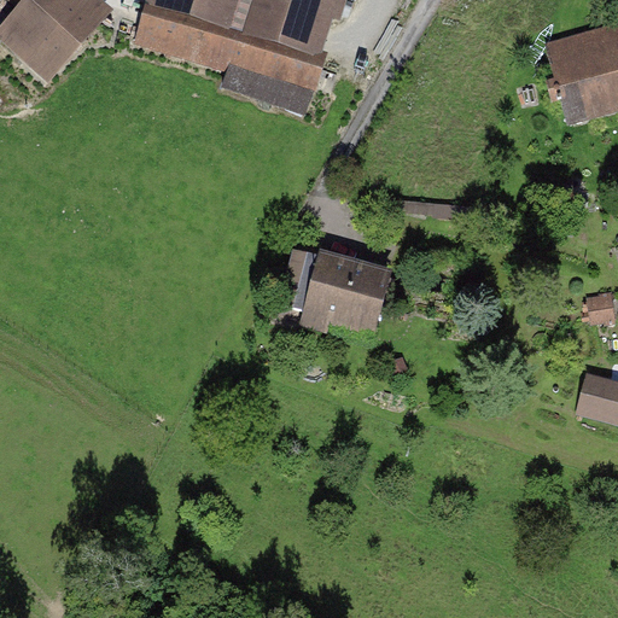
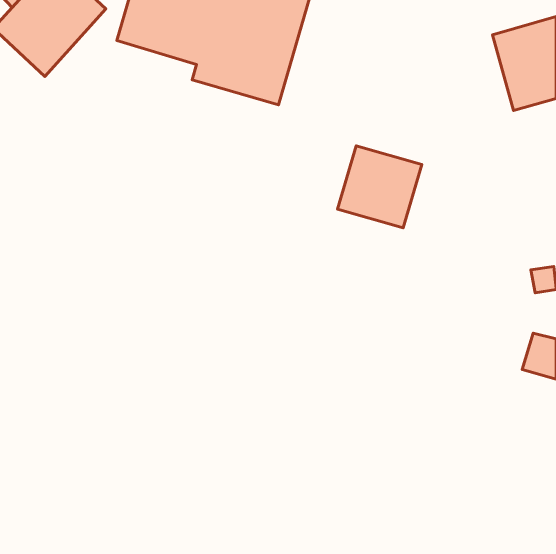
building: [298,245,391,336] -> [338,146,422,228]

